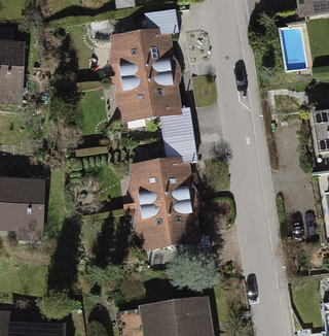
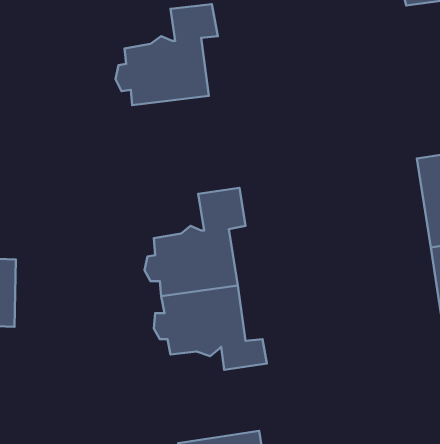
building: [114,72,191,138] -> none

